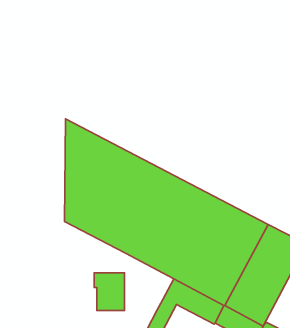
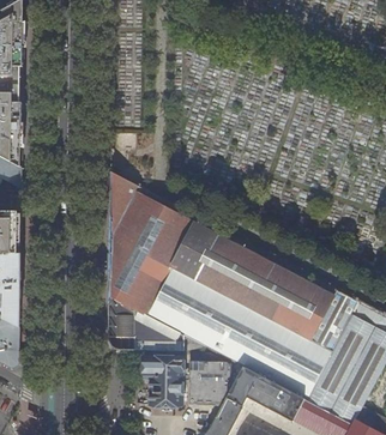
building: none -> [107,297,182,351]
building: none -> [187,354,228,405]

